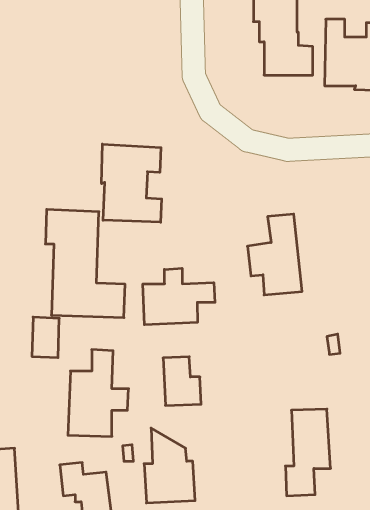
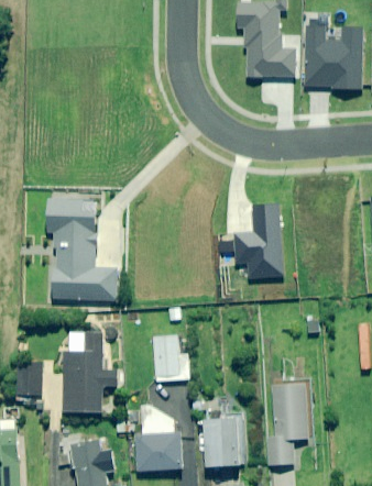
building: [102,144,162,222] -> none
building: [143,268,215,325] -> none
building: [32,317,59,358] -> [18,363,43,400]
building: none -> [193,399,247,467]

